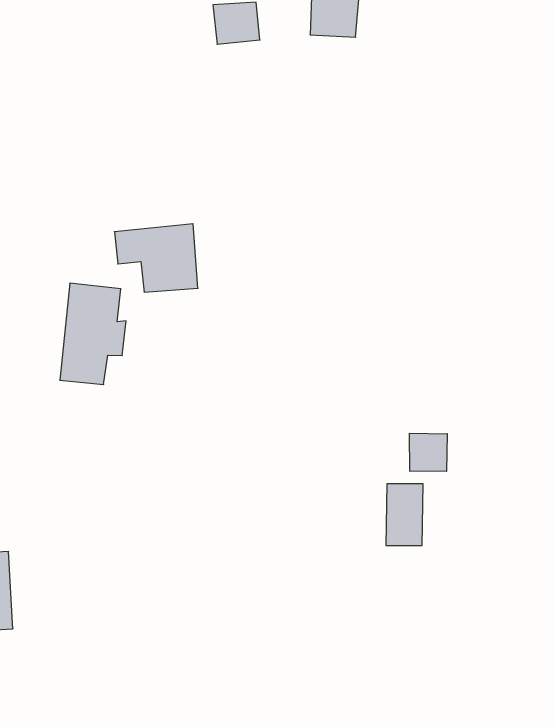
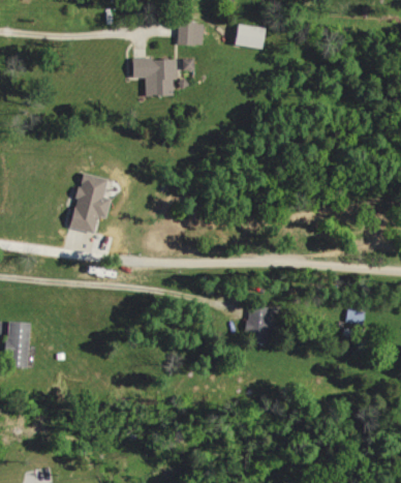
building: [114,224,198,292] -> [132,59,178,96]
building: [409,433,447,471] -> none

